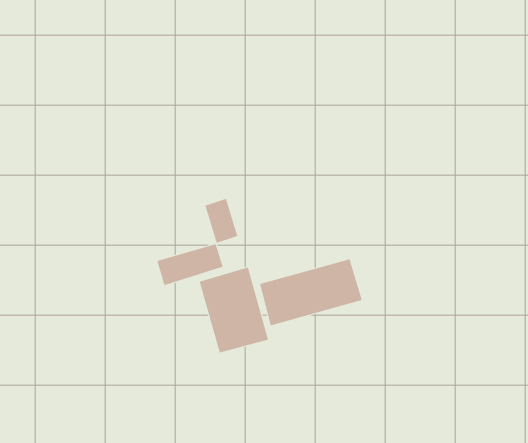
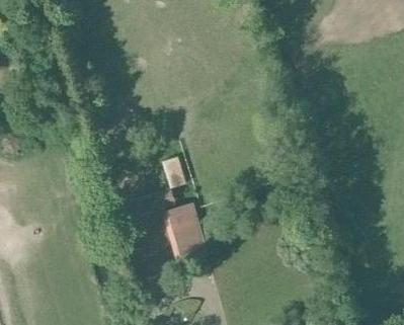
building: [260,258,363,326] -> none

